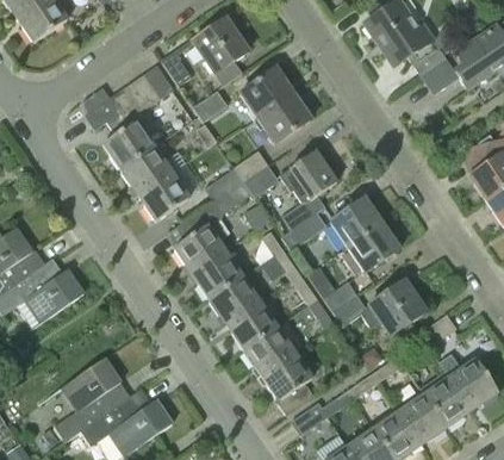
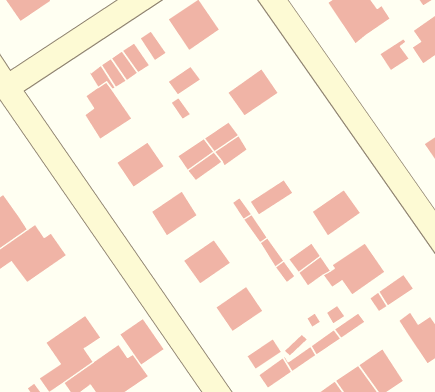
building: [405,26,452,77] -> none
building: [238,68,293,119] -> none
building: [81,87,117,129] -> none
building: [119,147,170,194] -> none
building: [279,150,336,203] -> none
building: [329,197,381,247] -> none
building: [191,250,242,299] -> none
building: [226,302,276,349] -> none
building: [261,353,312,400] -> none
building: none -> [120,318,164,365]
building: [423,377,471,428] -> none

